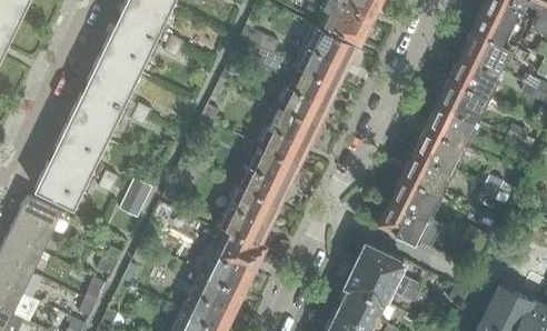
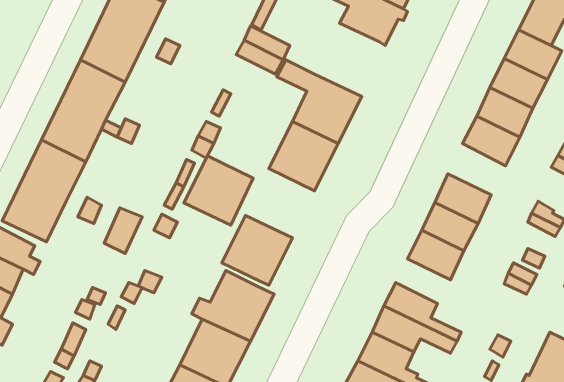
building: [300,27,359,86] -> none
building: [414,126,463,169] -> none
building: [241,147,300,205] -> [184,156,253,225]

